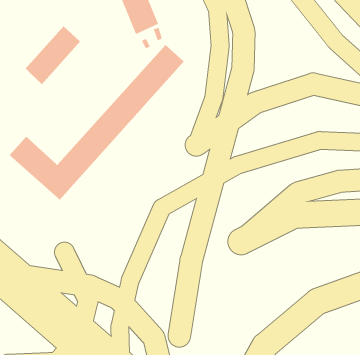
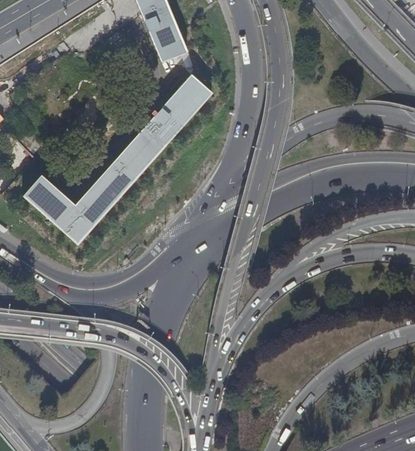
building: [25,25,81,85] -> none

